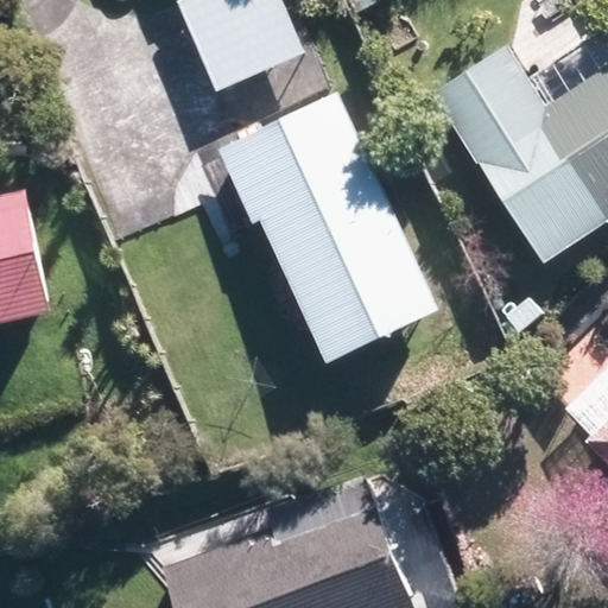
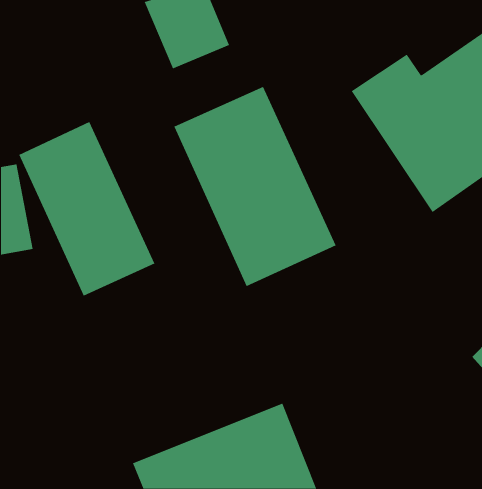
building: none -> [19,121,155,297]

